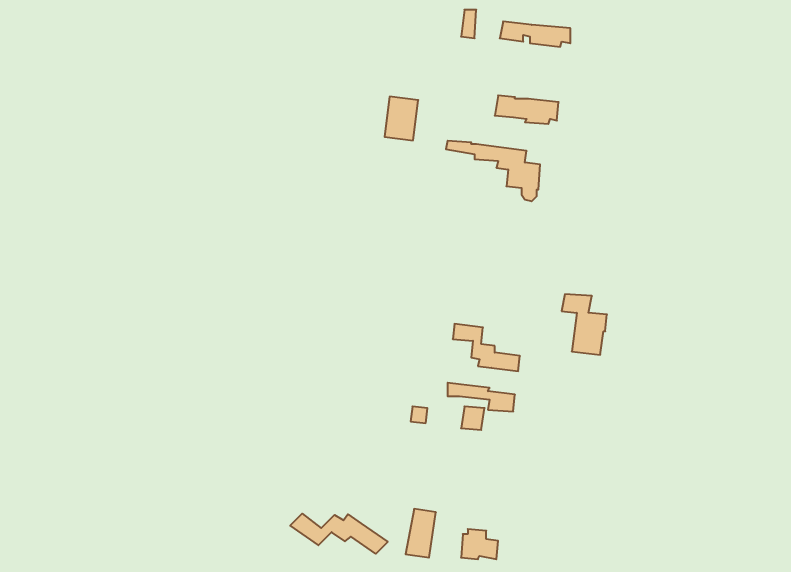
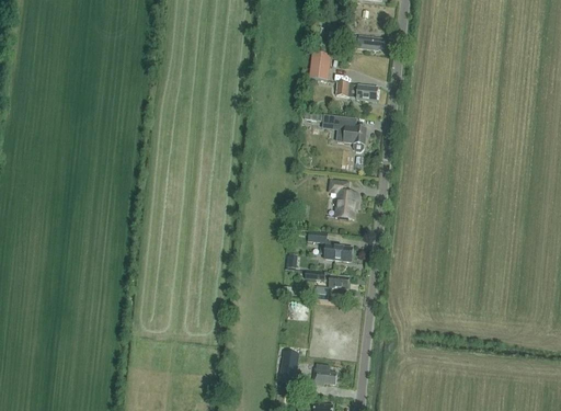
building: [385,97,418,140] -> [309,53,331,81]
building: [562,294,607,355] -> [330,181,359,220]
building: [290,514,388,554] -> none

